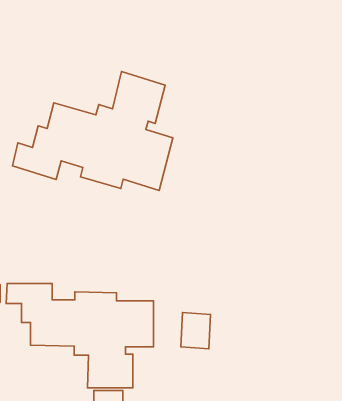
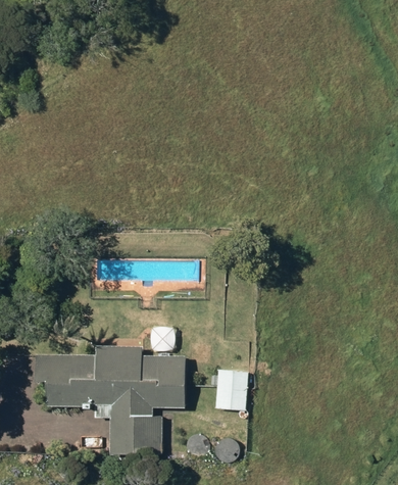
building: [13,72,173,190] -> none

